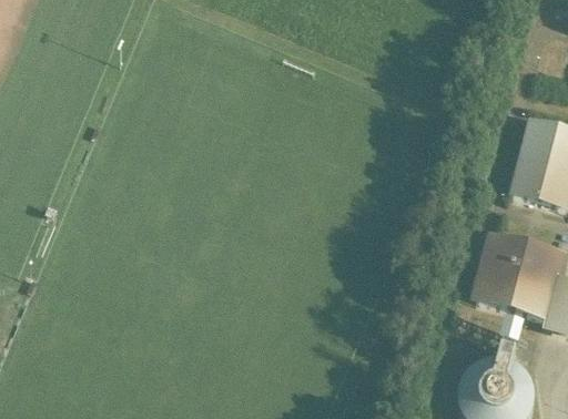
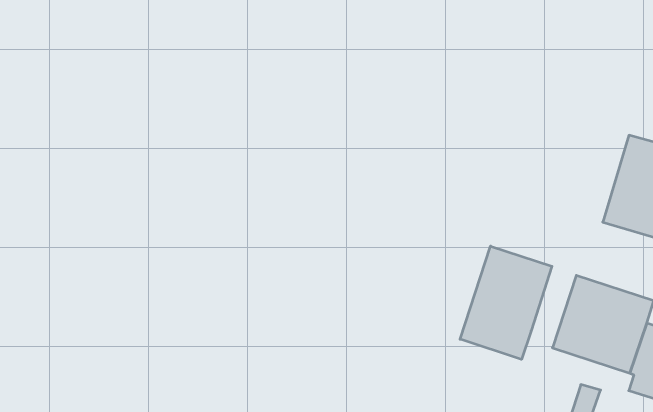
building: none -> [460,246,552,359]

